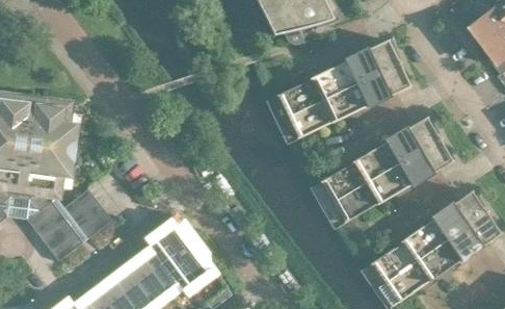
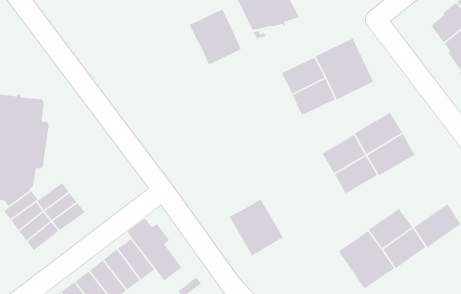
building: [277,78,333,137] -> [189,8,242,66]
building: [321,161,378,222] -> [229,198,284,257]
building: [433,191,484,237] -> none

